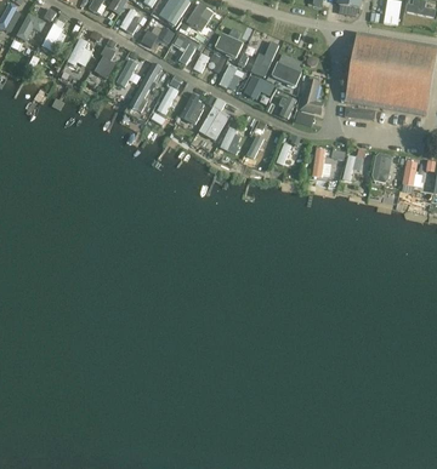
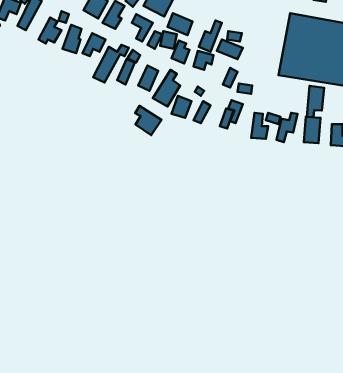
building: [299,78,325,115] -> none
building: none -> [307,86,324,117]
building: none -> [135,106,161,135]

